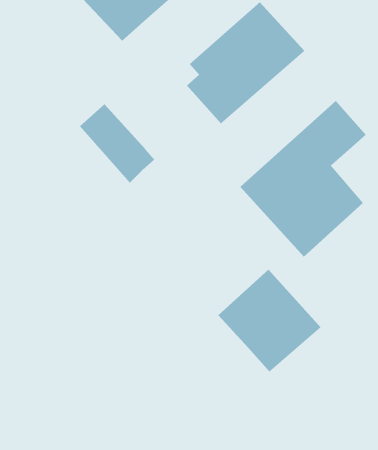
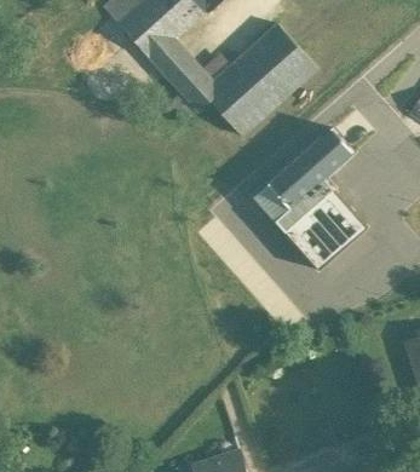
building: [79,103,155,183] -> [151,40,220,113]
building: [218,269,322,372] -> none

